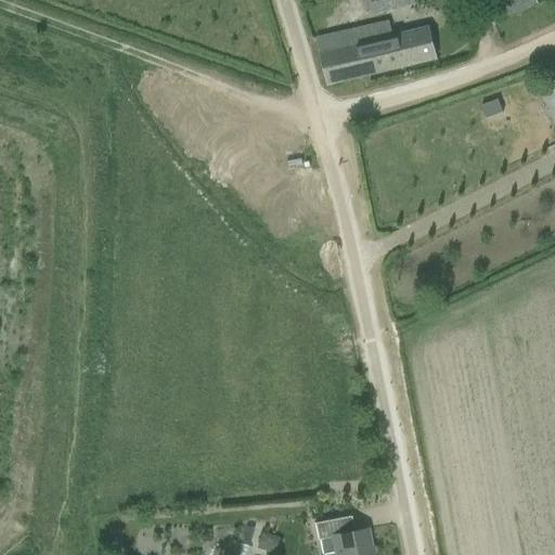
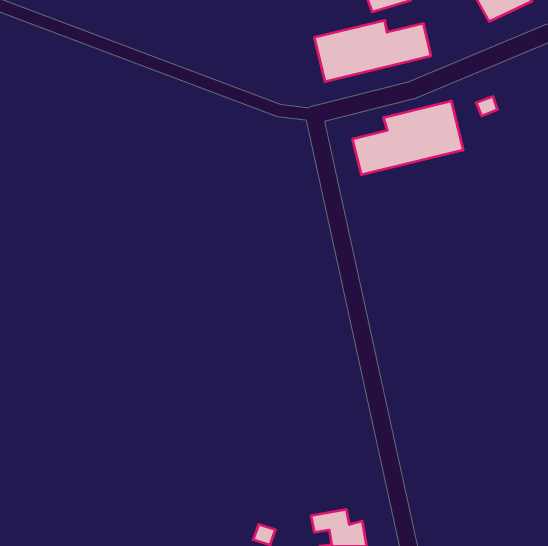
building: none -> [353,101,463,175]

